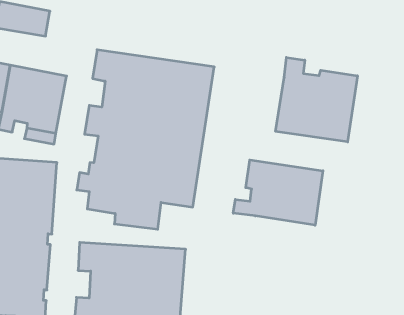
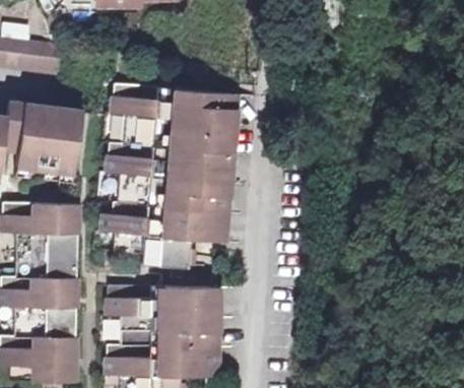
building: [276,57,357,142] -> none
building: [233,160,323,225] -> none

